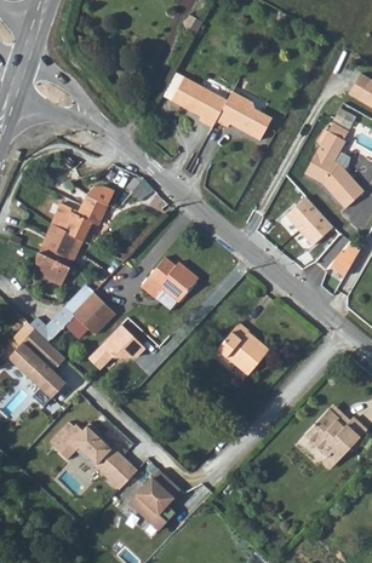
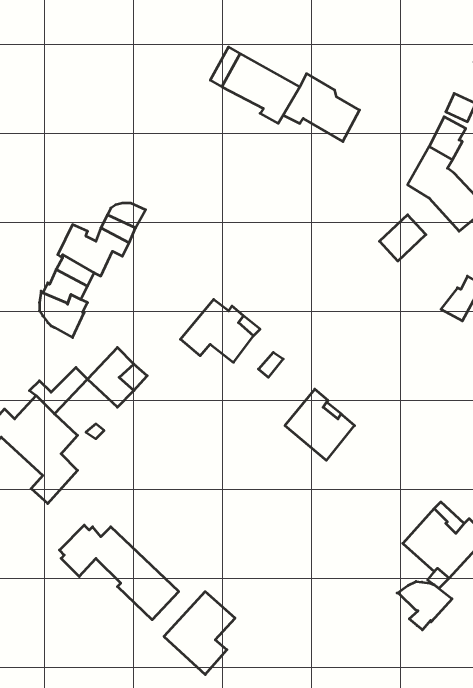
building: [299,211,334,246] -> none
building: [88,323,145,368] -> none
building: none -> [397,581,452,630]

